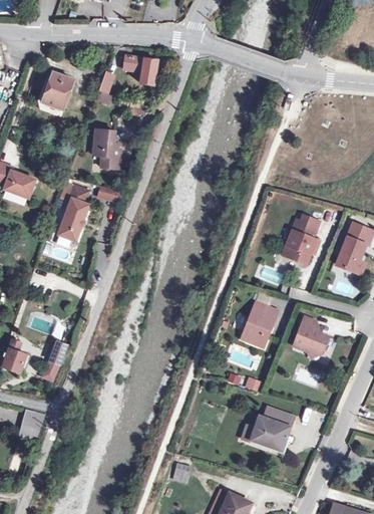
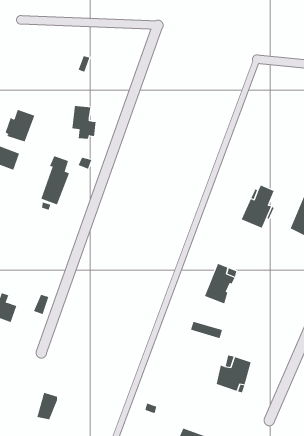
building: [124,52,157,82] -> none
building: [40,70,74,107] -> [5,109,35,142]
building: [293,318,331,354] -> none
building: [20,409,44,440] -> [37,392,58,420]

